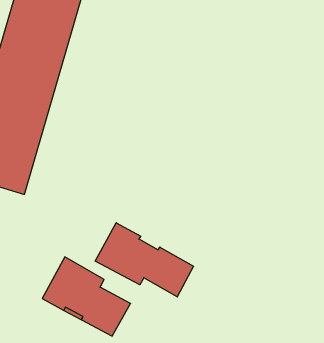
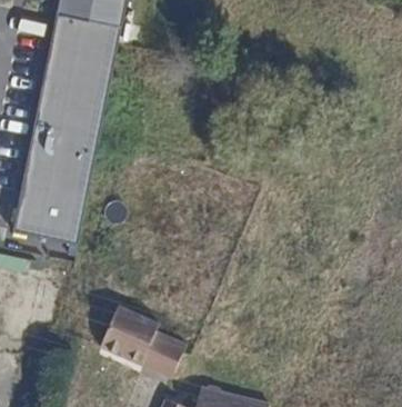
building: [95,223,194,297] -> none

